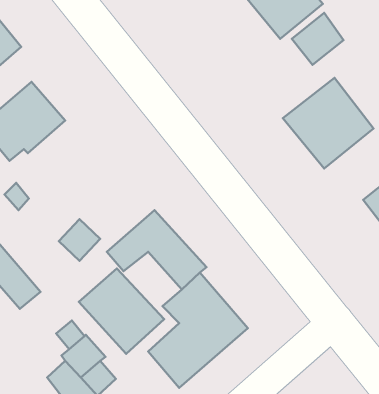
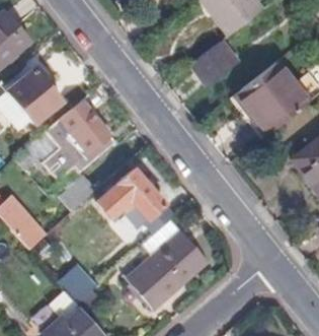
building: [292,13,343,65] -> [202,40,242,80]
building: none -> [44,110,99,179]
building: [79,269,164,354] -> none

